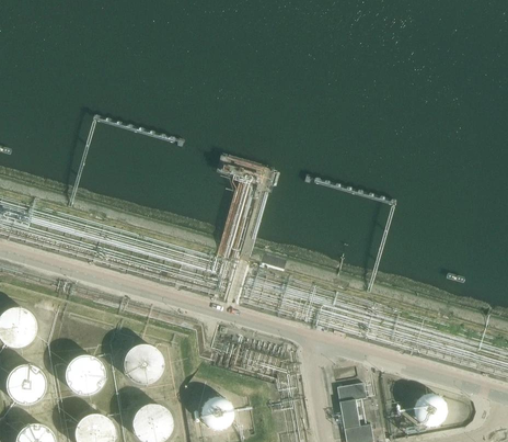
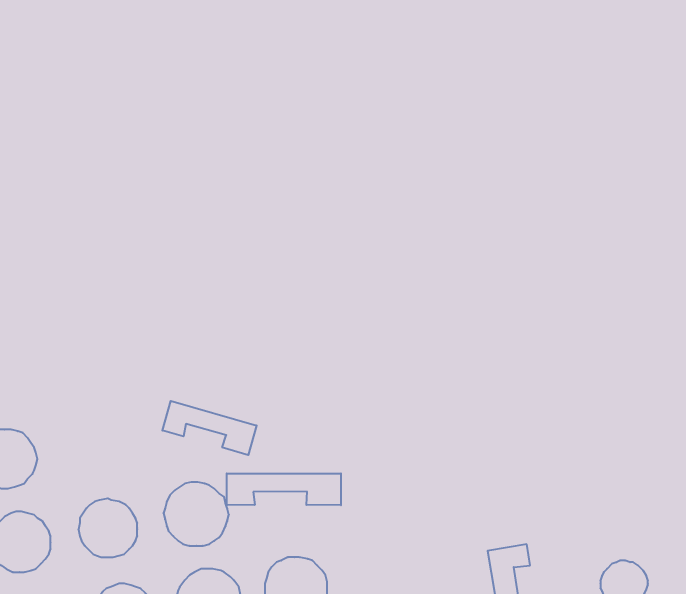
building: none -> [162,401,257,455]
building: none -> [227,473,341,505]

